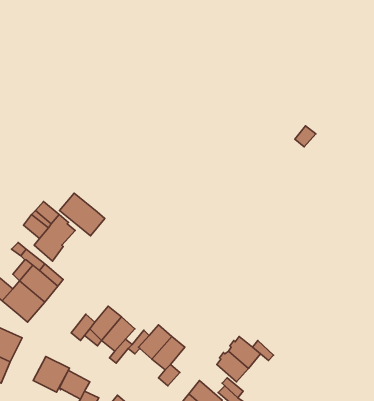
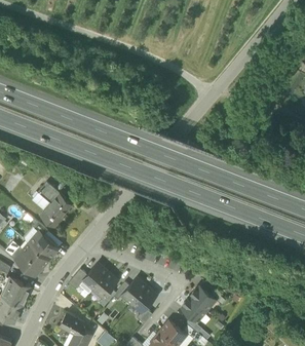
building: [60,193,105,236] -> none
building: [33,357,69,392] -> none

